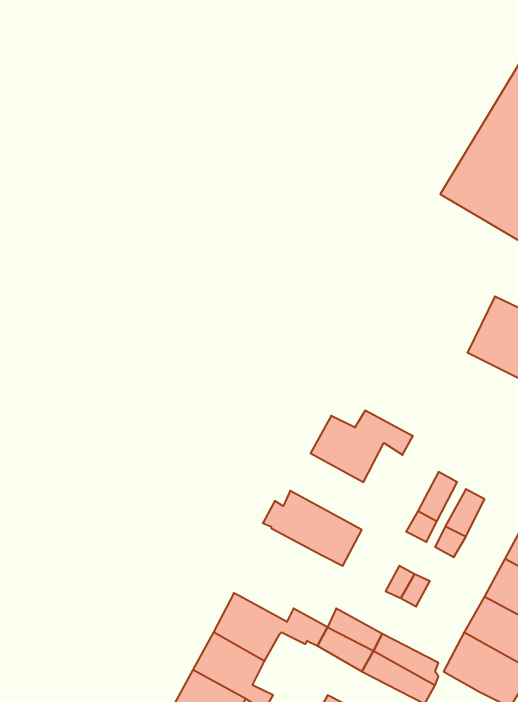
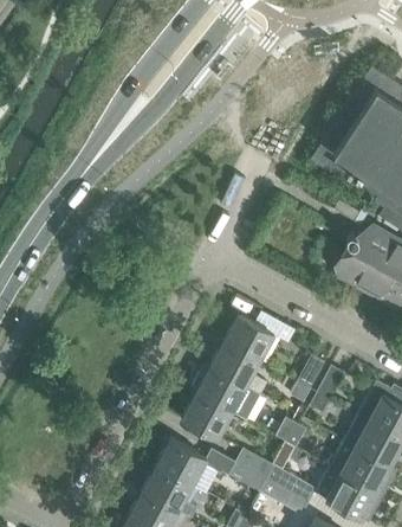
building: none -> [210,341,266,394]
building: none -> [182,393,233,439]

